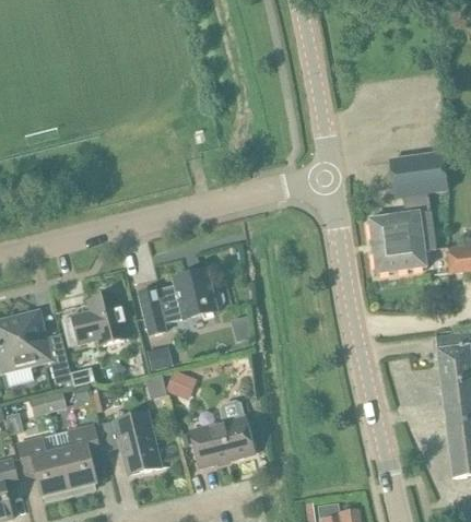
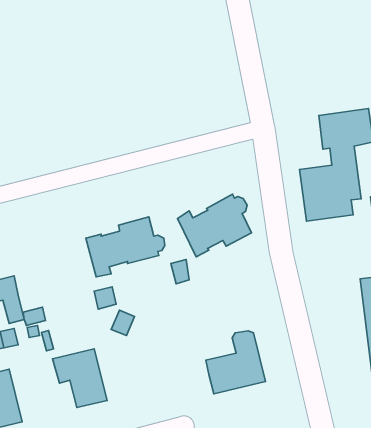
building: none -> [177,194,251,257]
building: [61,292,128,345] -> none
building: [190,398,255,465] -> [206,331,266,394]
building: [56,424,99,489] -> none

